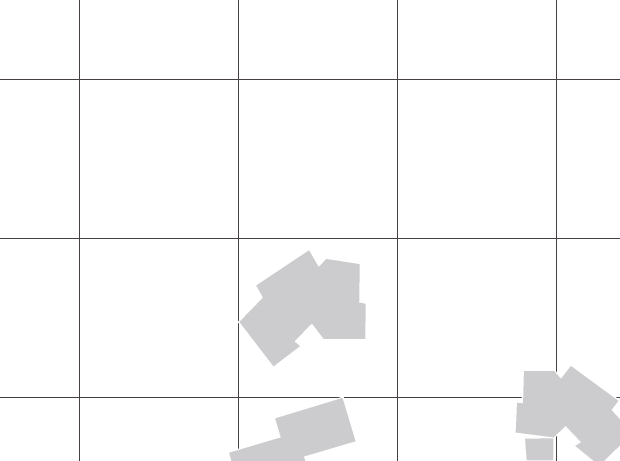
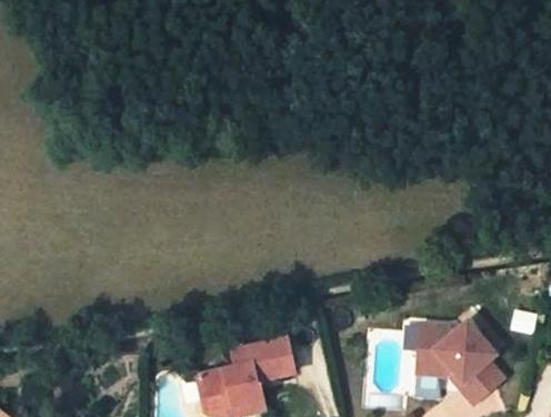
building: [239,249,366,368] -> none

